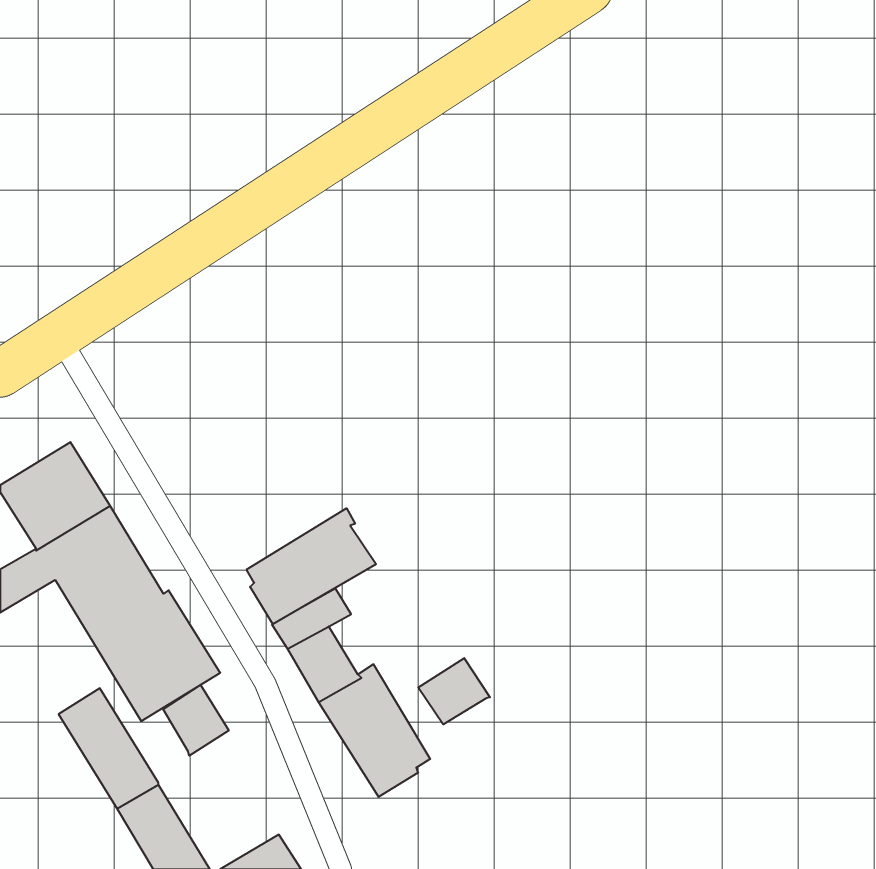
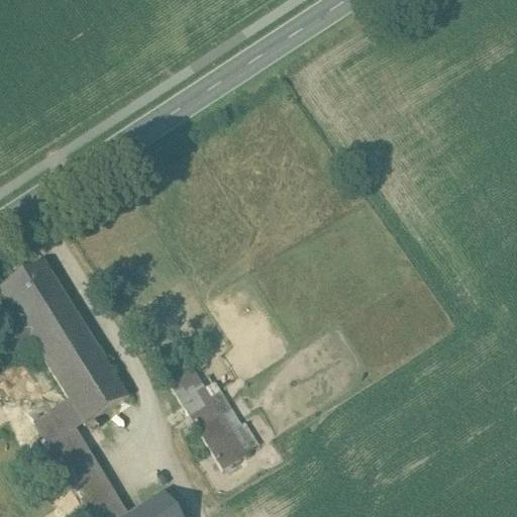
building: [247,508,376,624] -> none
building: [418,658,490,724] -> none
building: [163,685,229,756] -> none

